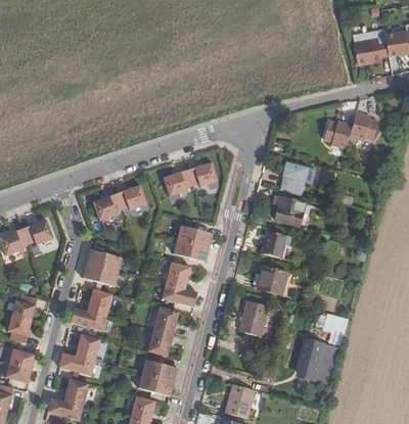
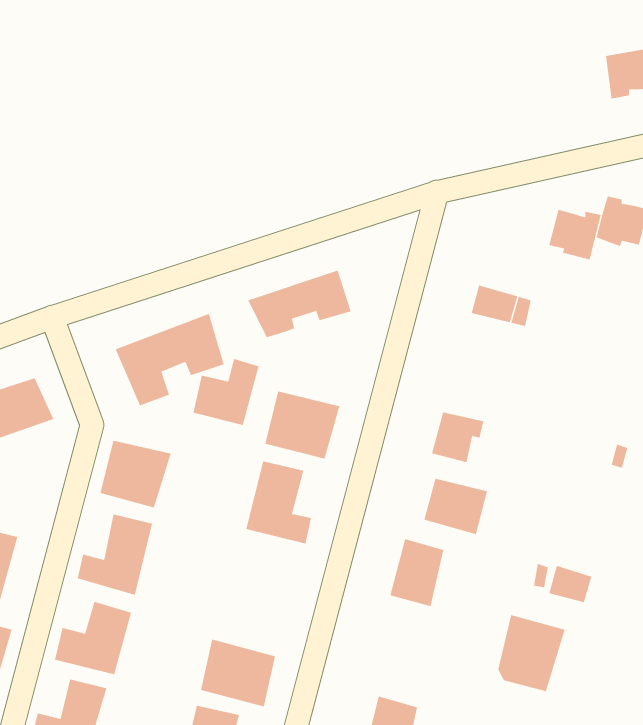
building: [275,200,307,231] -> none
building: none -> [193,358,259,426]
building: [145,303,183,359] -> none

